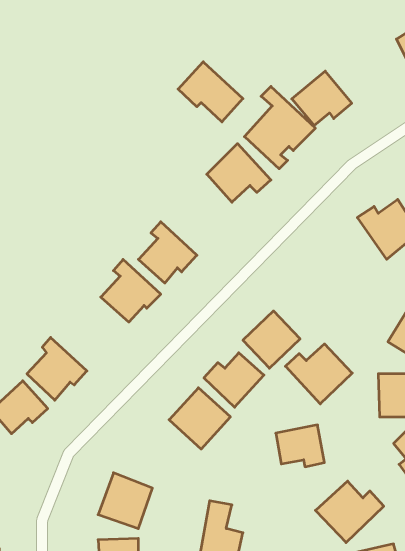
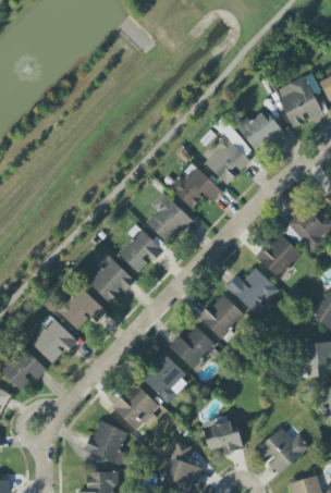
building: none -> [277,76,322,127]
building: [178,62,243,122] -> none
building: none -> [147,193,193,244]
building: none -> [257,233,303,279]
building: none -> [56,288,108,330]
building: [285,344,352,404] -> [228,268,280,315]
building: none -> [111,382,160,431]
building: [276,425,324,467] -> [205,419,243,452]

